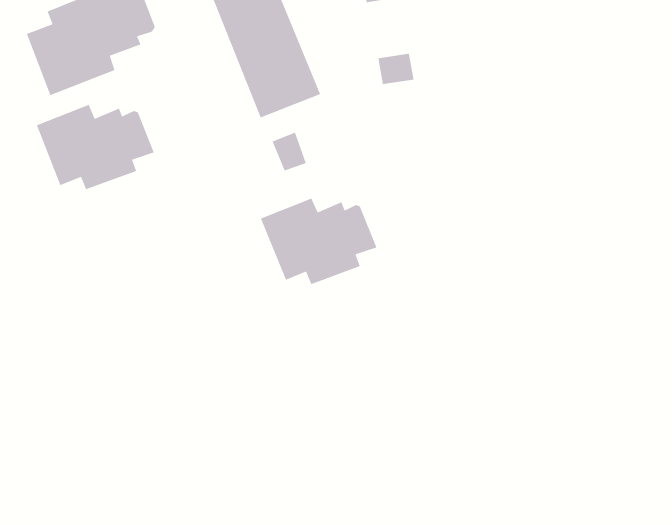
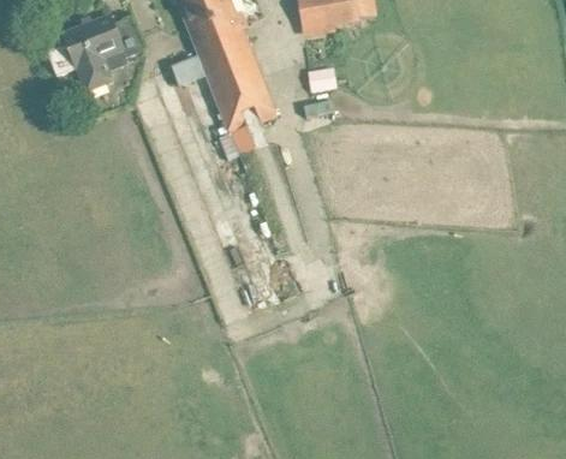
building: [36,104,155,190] -> none
building: [260,197,378,285] -> none

